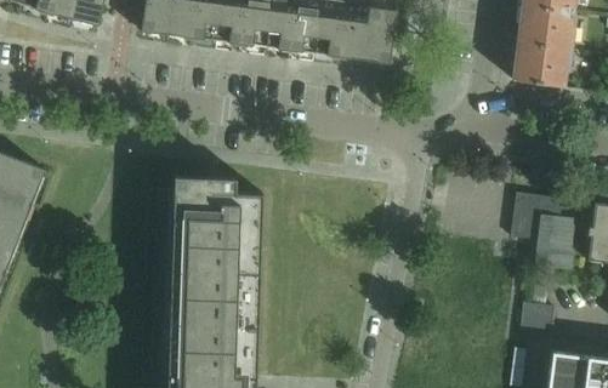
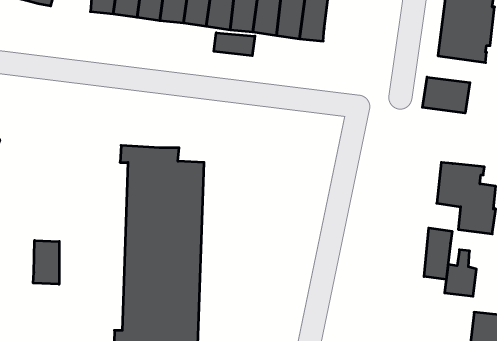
building: none -> [214,33,255,56]
building: none -> [422,77,470,113]
building: none -> [424,228,452,280]
building: none -> [33,240,59,284]

